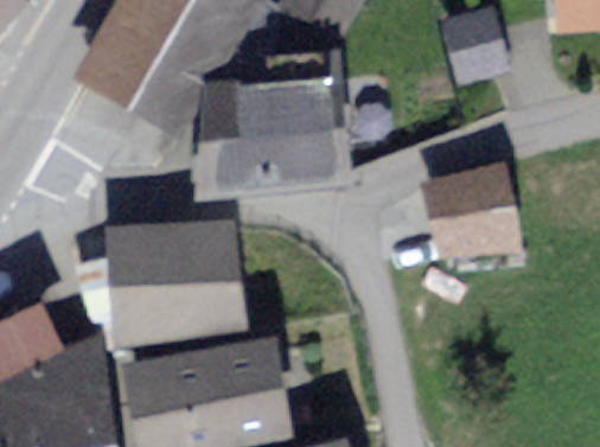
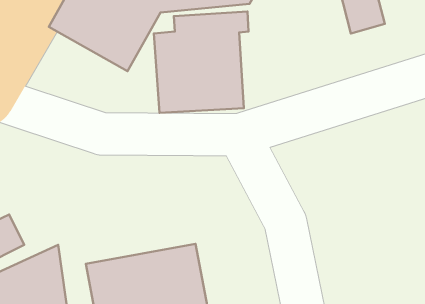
building: [435,172,510,241] -> none
building: [114,217,238,332] -> none

